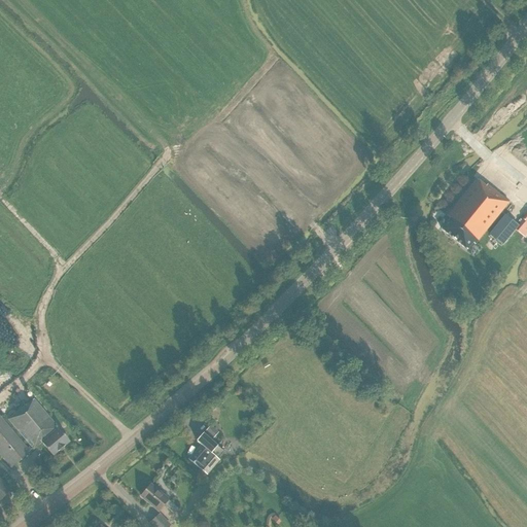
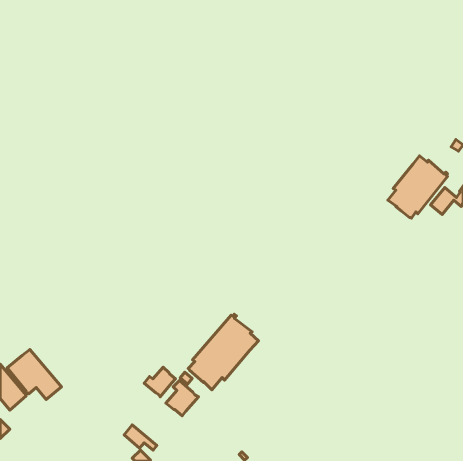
building: none -> [188,314,258,390]
building: none -> [144,367,176,397]

